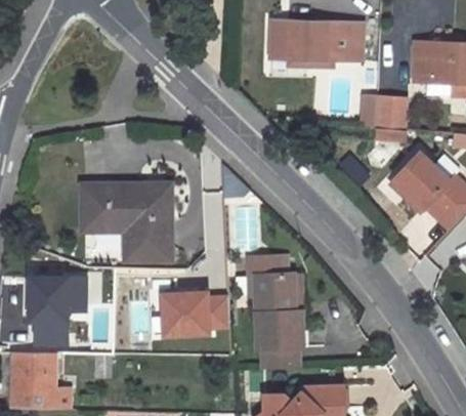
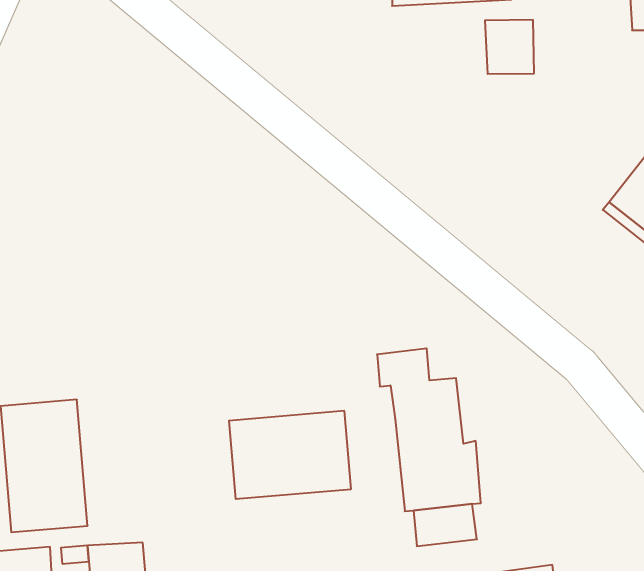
building: [375,95,404,128] -> [485,20,534,74]
building: [80,186,167,258] -> none

